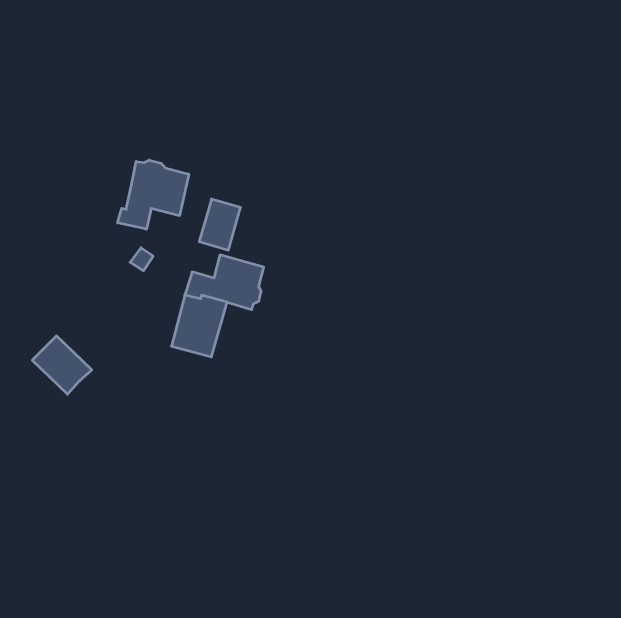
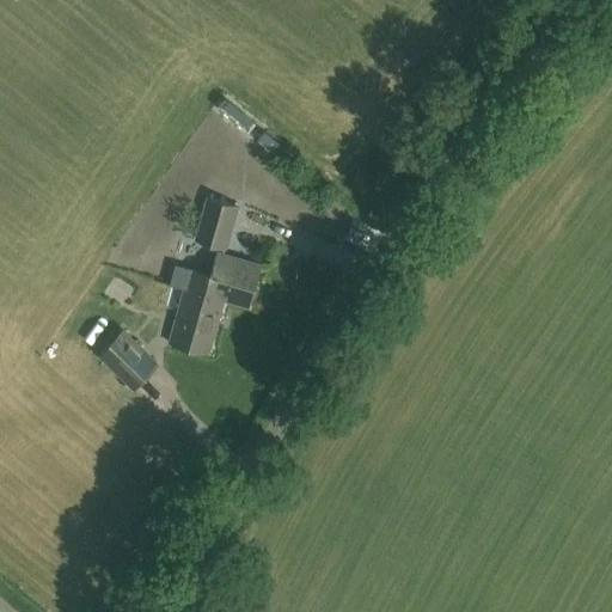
building: [118,160,189,229] -> none
building: [32,336,92,394] -> [98,330,157,387]

